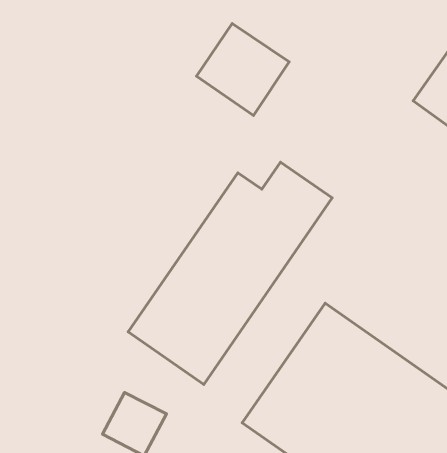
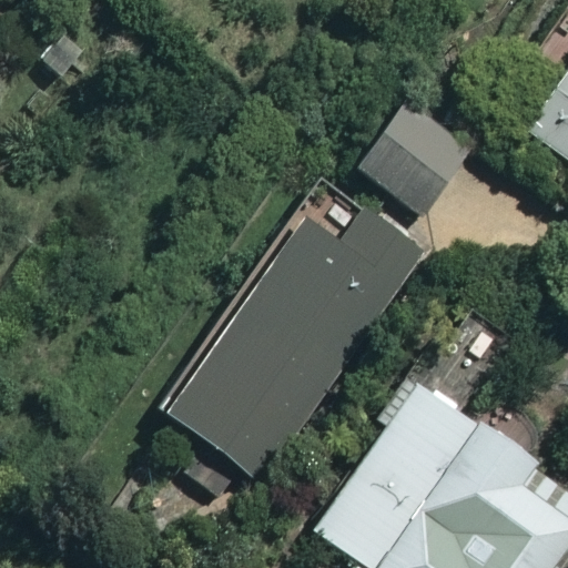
building: [197,24,289,115] -> [356,100,471,214]

